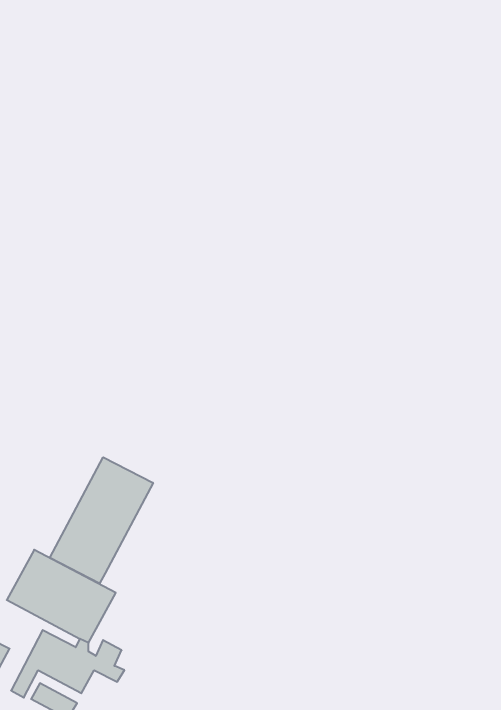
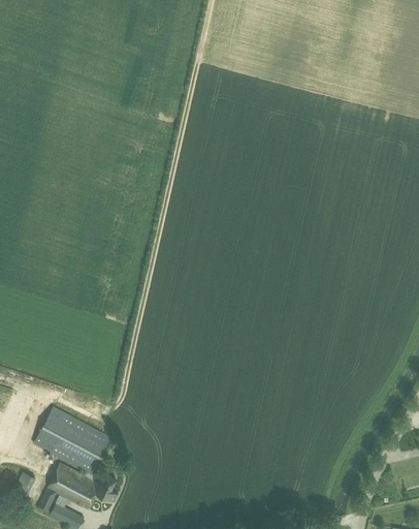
building: [50,457,153,583] -> none

